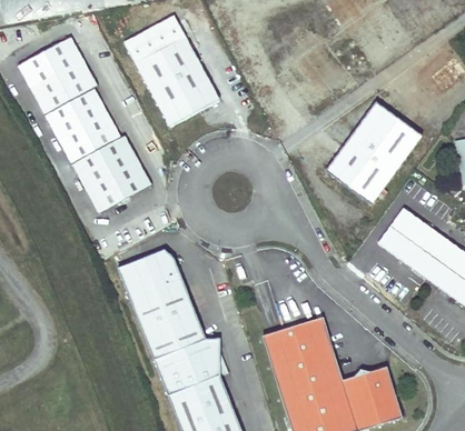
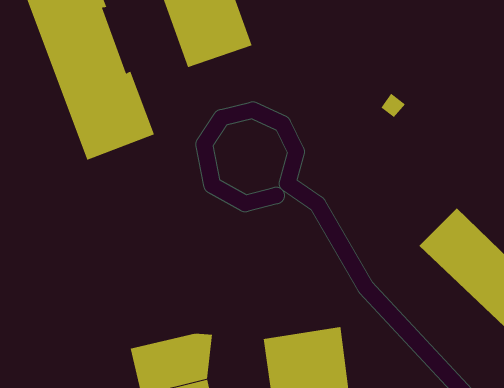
building: [327,101,423,203] -> none
building: [118,251,206,360] -> none

